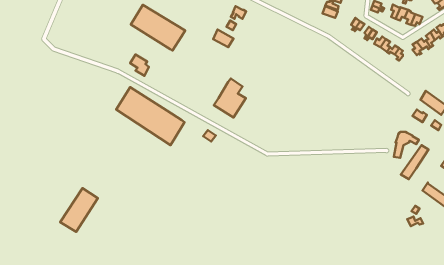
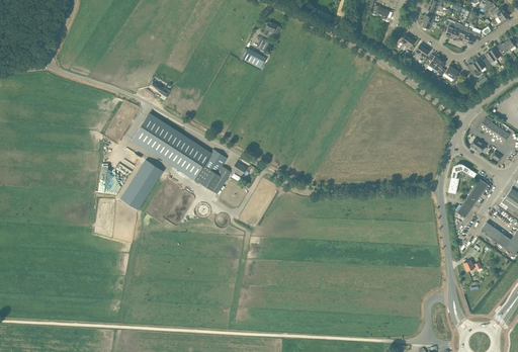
building: [131,5,185,50] -> none
building: [214,78,246,118] -> [194,149,231,193]
building: [60,188,98,232] -> [120,160,163,209]

